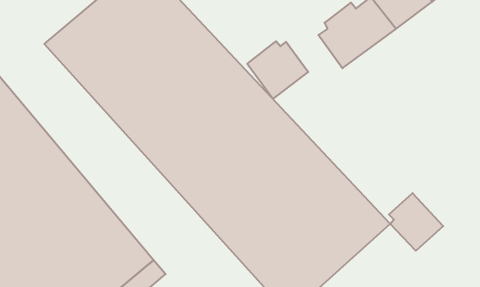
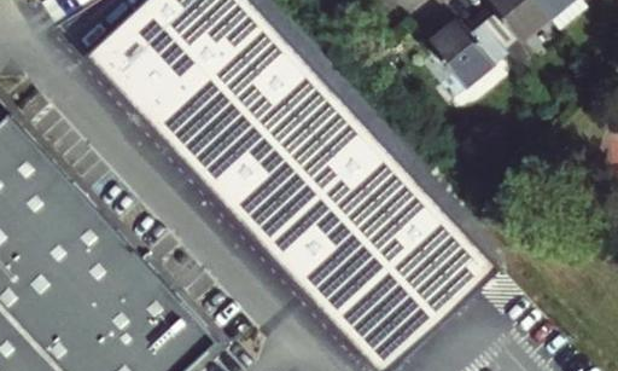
building: [247,41,308,99] -> none
building: [389,193,443,251] -> none

